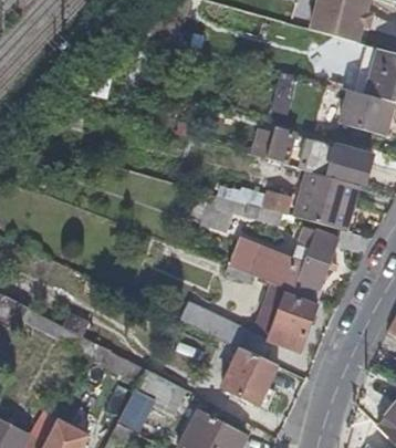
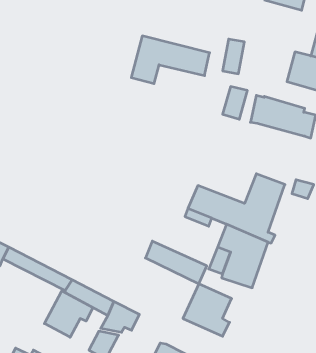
building: [293,168,359,231] -> none
building: [200,179,288,232] -> [131,36,210,84]
building: none -> [44,291,93,337]

